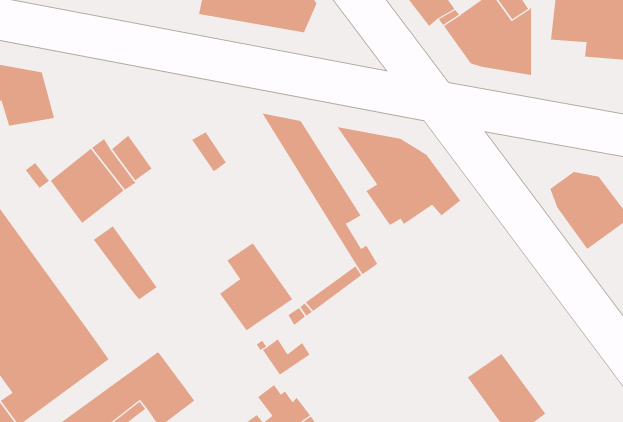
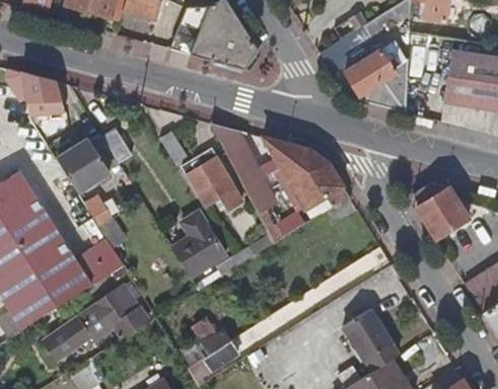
building: none -> [184,149,243,211]
building: none -> [78,245,124,290]

